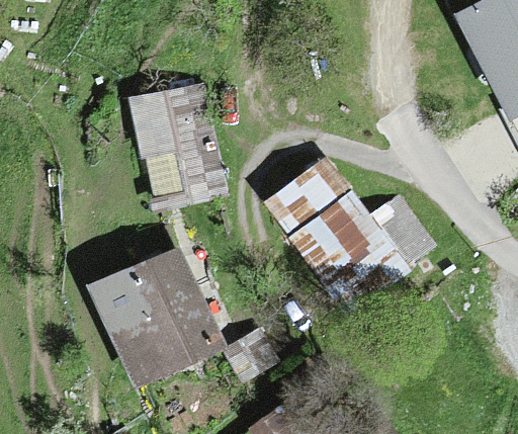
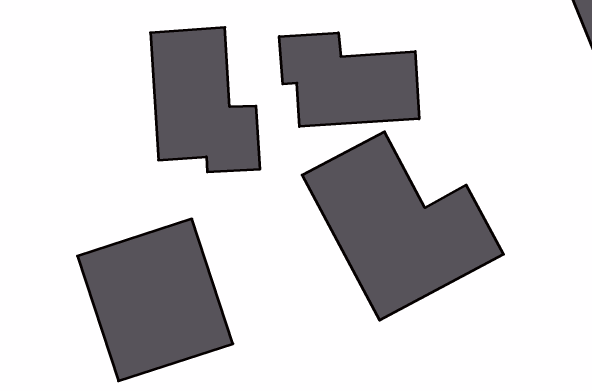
building: none -> [279,33,419,127]

